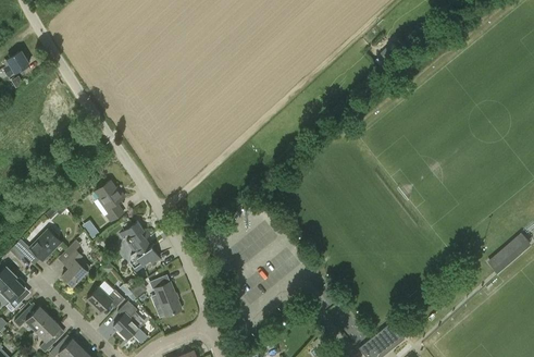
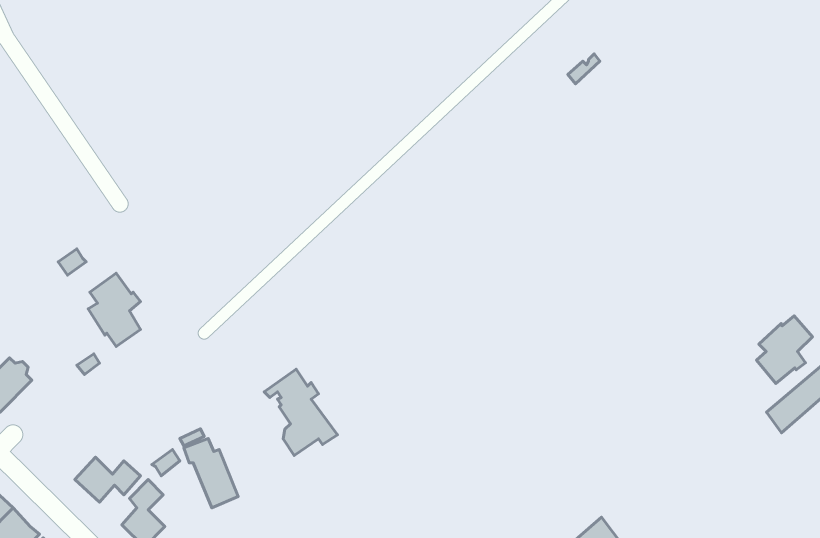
building: none -> [756,316,812,383]
building: [119,222,161,272] -> [264,369,337,456]
building: [62,249,90,287] -> none

